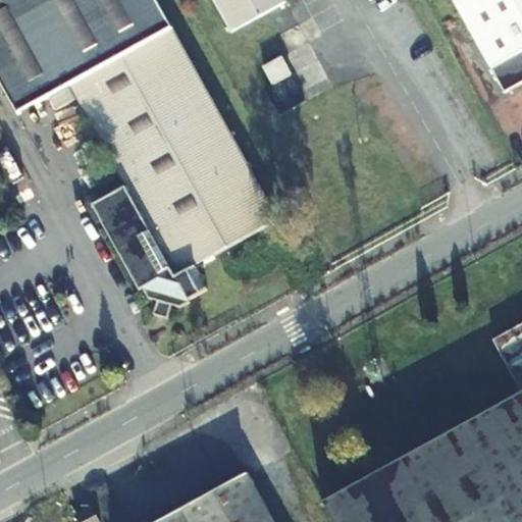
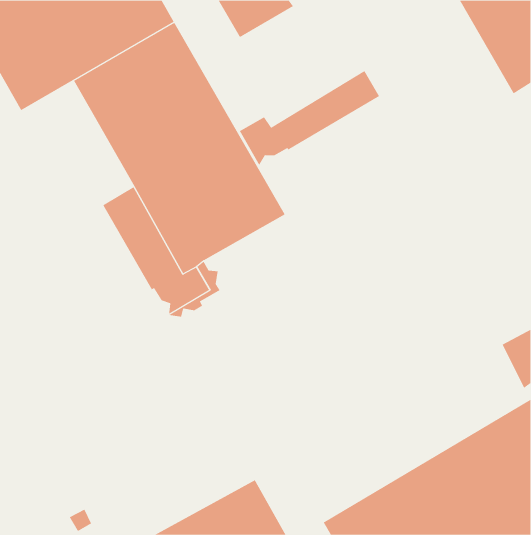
building: none -> [239,70,380,166]

